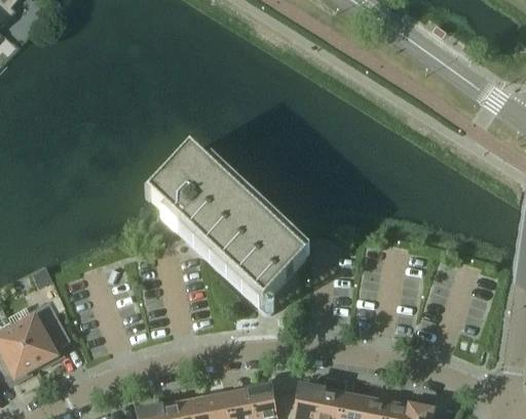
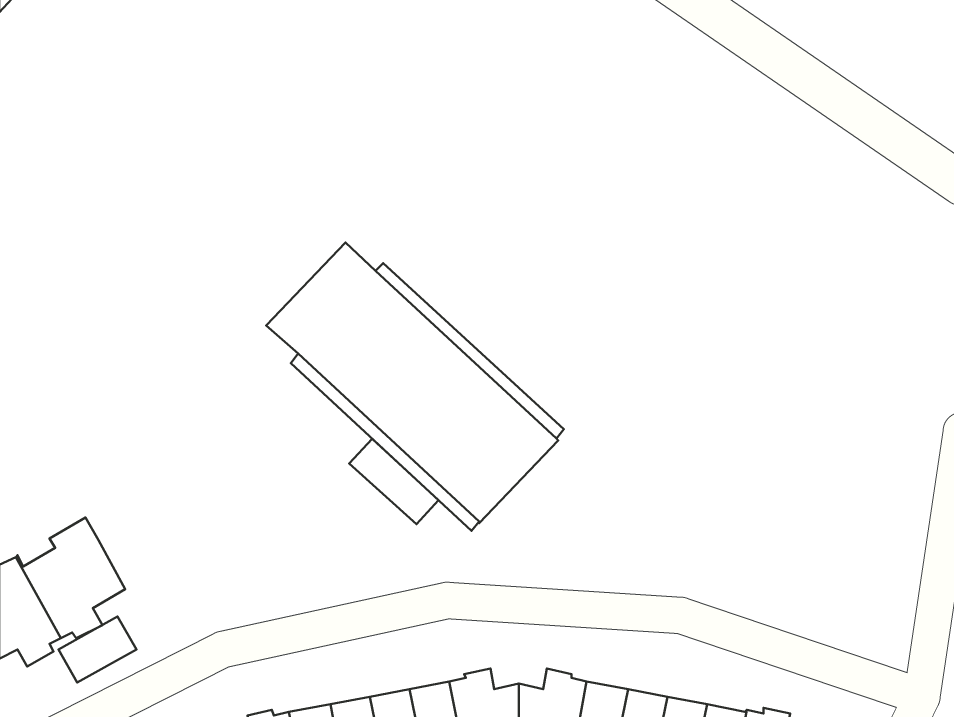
building: none -> [349,439,438,524]
building: none -> [58,617,136,683]

